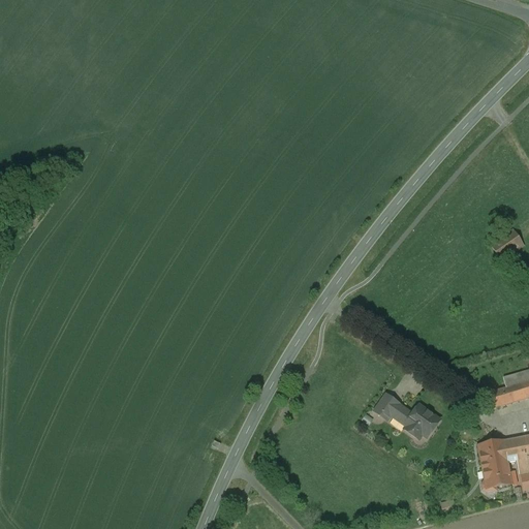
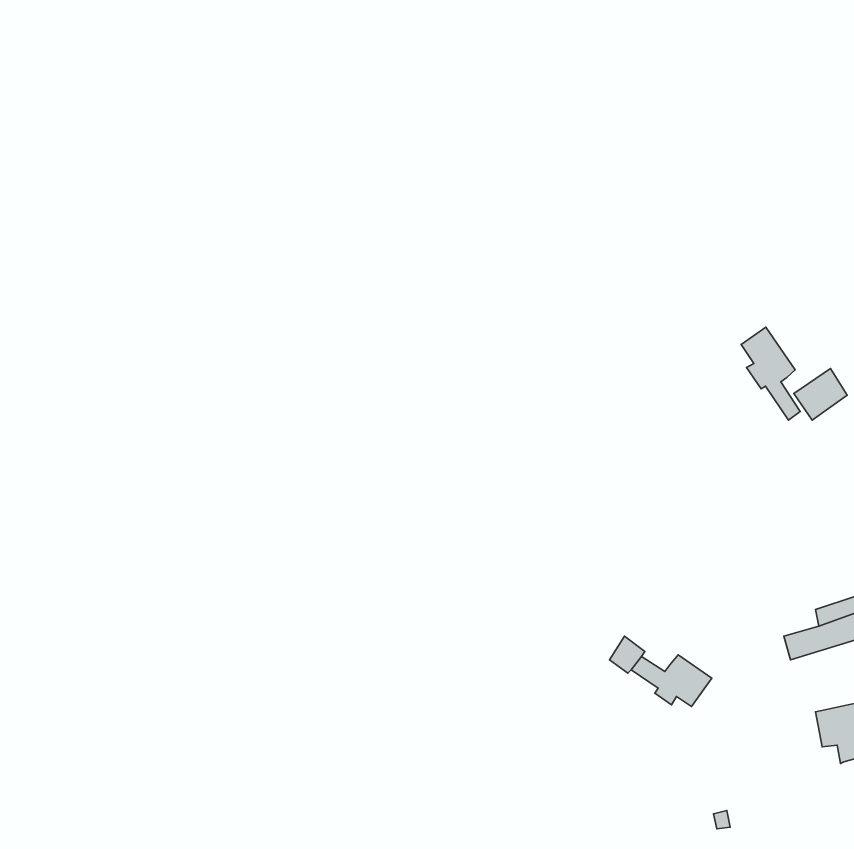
building: none -> [741,327,800,420]
building: [478,439,512,491] -> none

